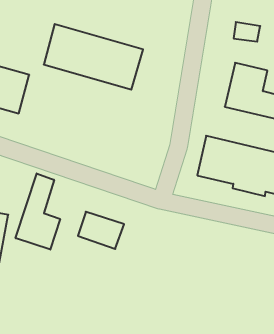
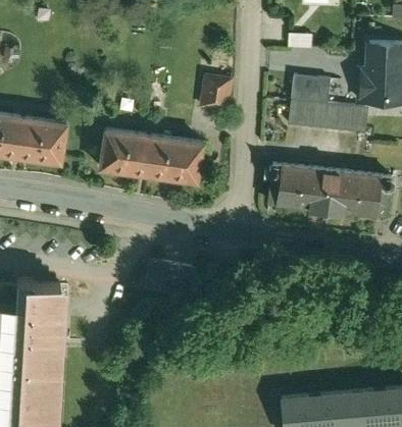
building: [44,24,143,90] -> [100,125,207,186]
building: none -> [199,72,235,114]
building: [16,173,60,250] -> none

